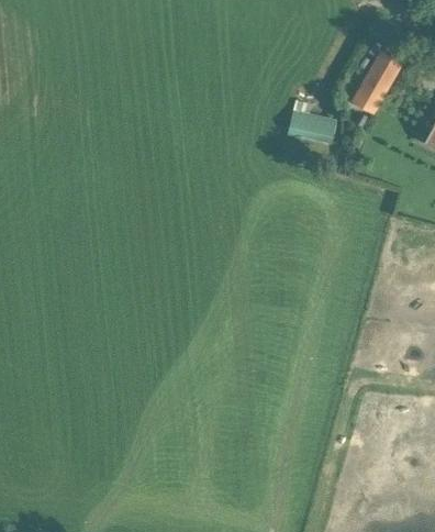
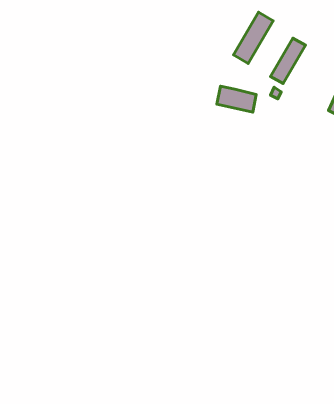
building: none -> [234,12,273,63]

